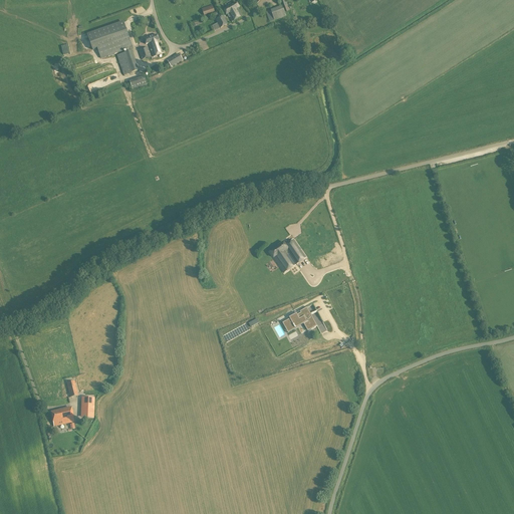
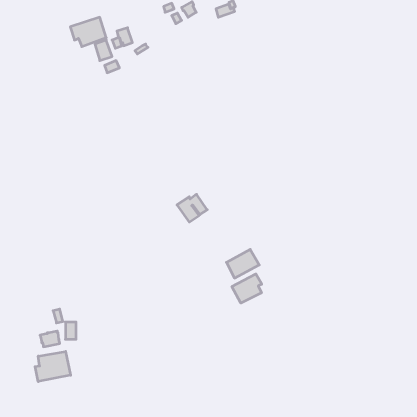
building: [268,238,305,272] -> [177,194,207,222]
building: none -> [232,274,262,303]
building: none -> [35,351,71,382]

